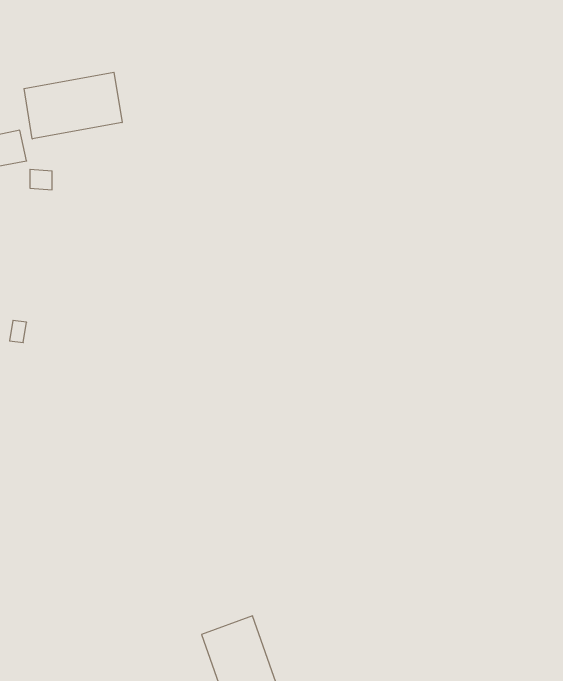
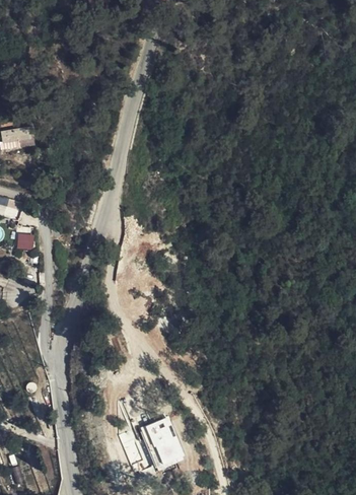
building: [24,72,122,139] -> none

